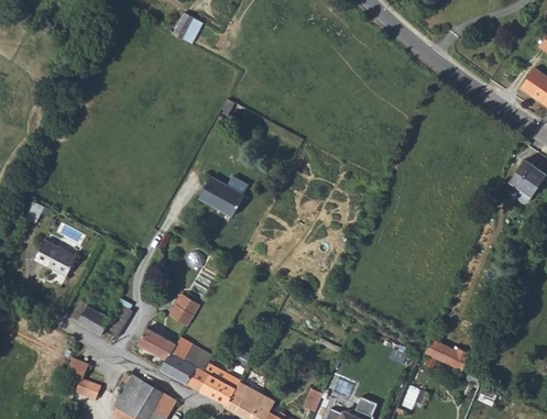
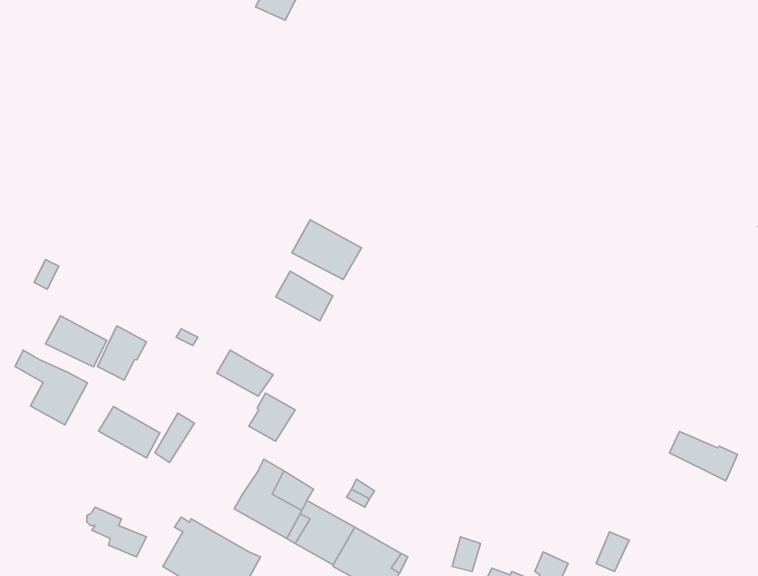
building: none -> [276,271,333,321]
building: none -> [98,326,146,380]
building: none -> [15,350,87,425]
building: [138,328,175,359] -> [217,350,273,396]
building: [424,338,469,371] -> [670,431,737,481]

